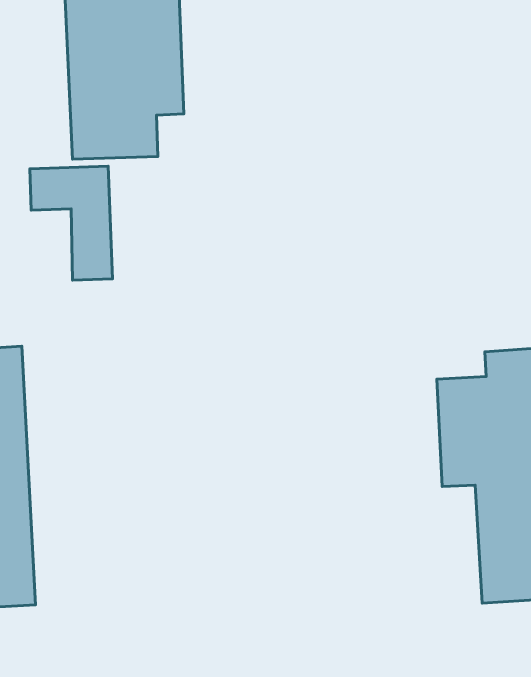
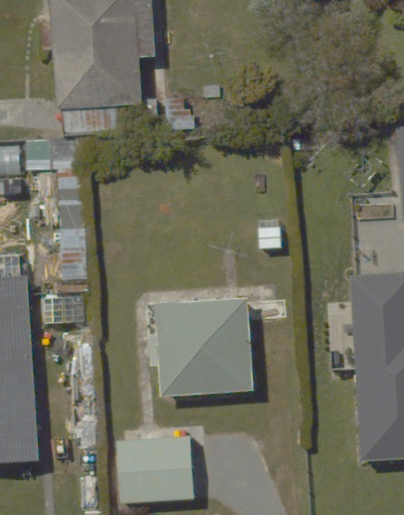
building: none -> [148,295,286,393]
building: none -> [118,434,207,502]

